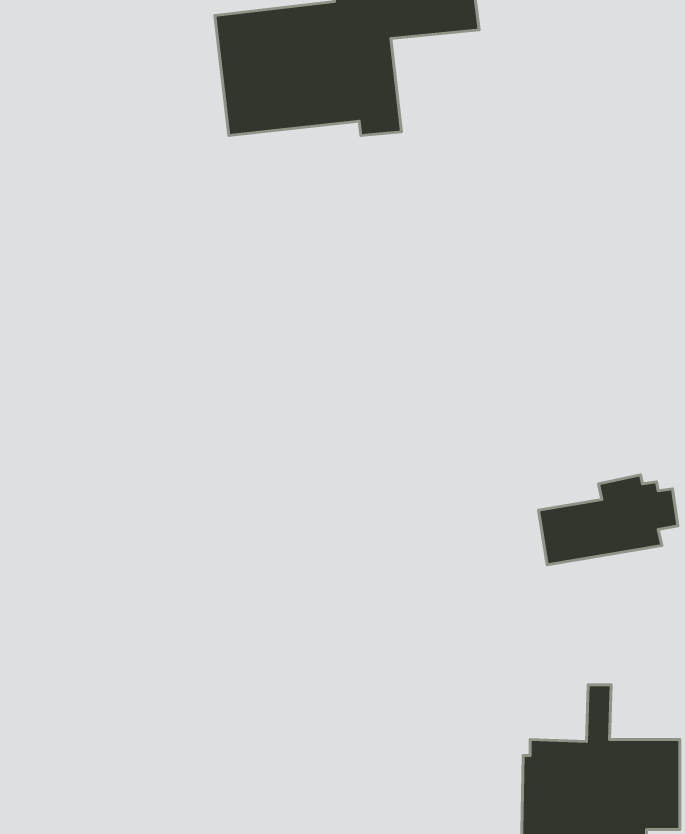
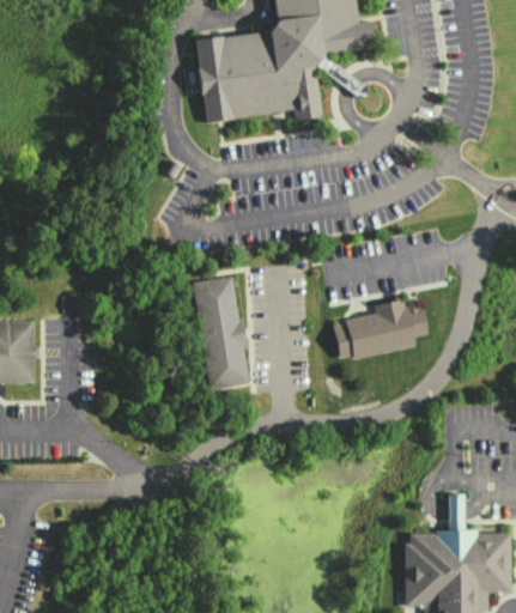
building: none -> [192,277,249,389]
building: [538,475,678,565] -> [332,299,426,360]

